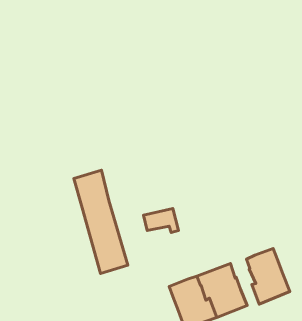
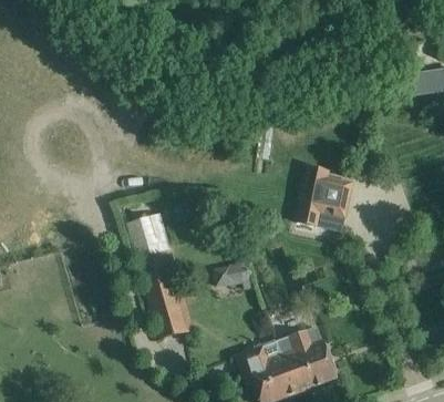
building: none -> [296,167,351,226]
building: [247,249,290,304] -> none

